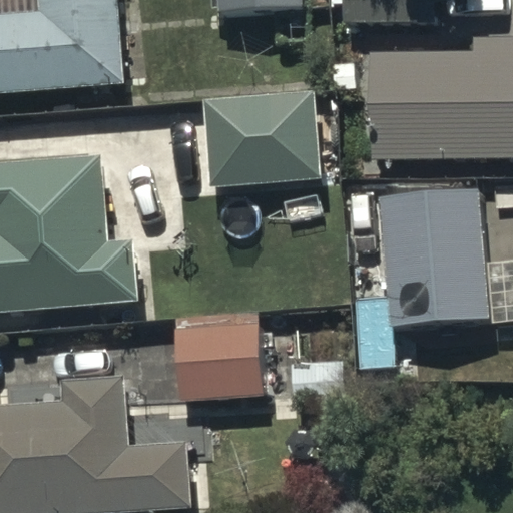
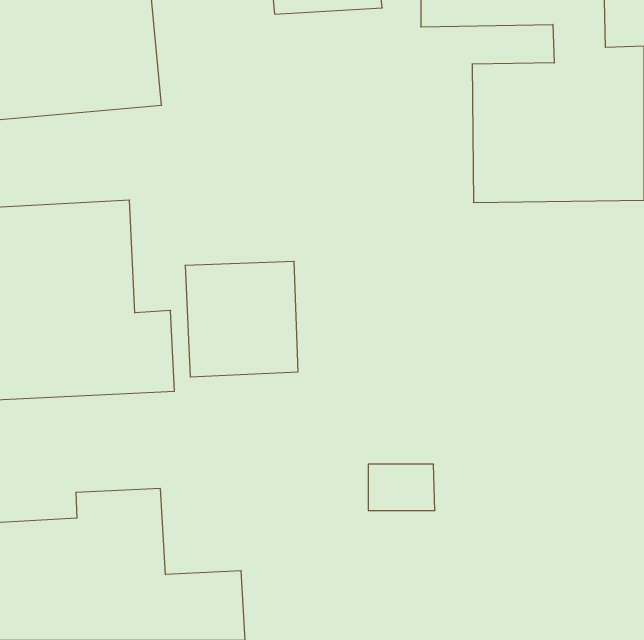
building: [204,90,320,181] -> none
building: [380,189,488,327] -> none
building: [173,311,262,401] -> [185,261,298,377]

